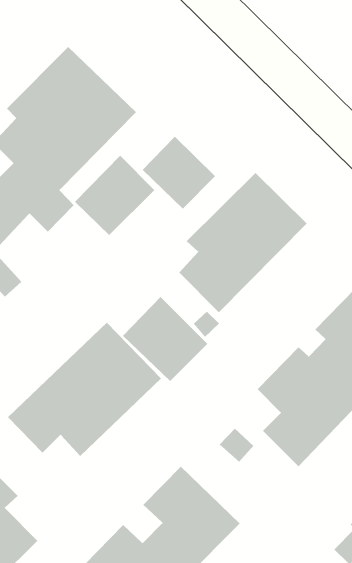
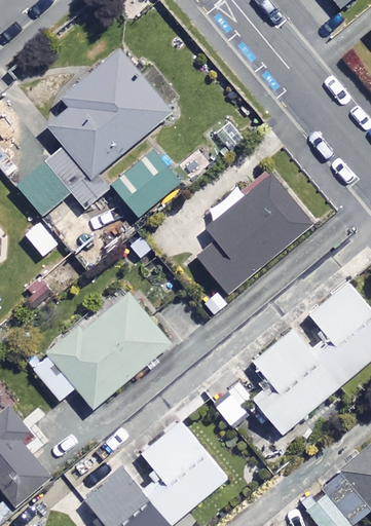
building: [142,136,216,209] -> none
building: [122,296,208,382] -> none

